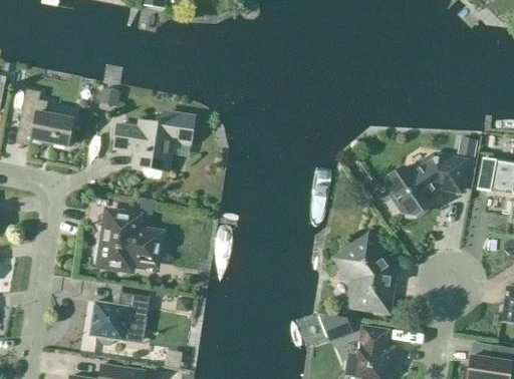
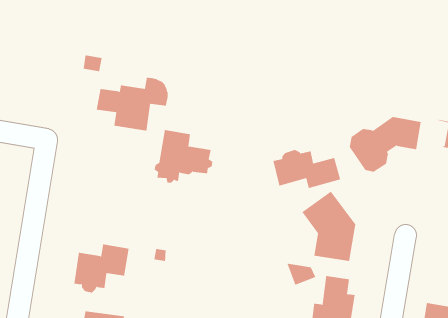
building: [19,90,72,145] -> none
building: none -> [273,149,341,189]
building: [97,212,162,270] -> [154,129,213,183]

